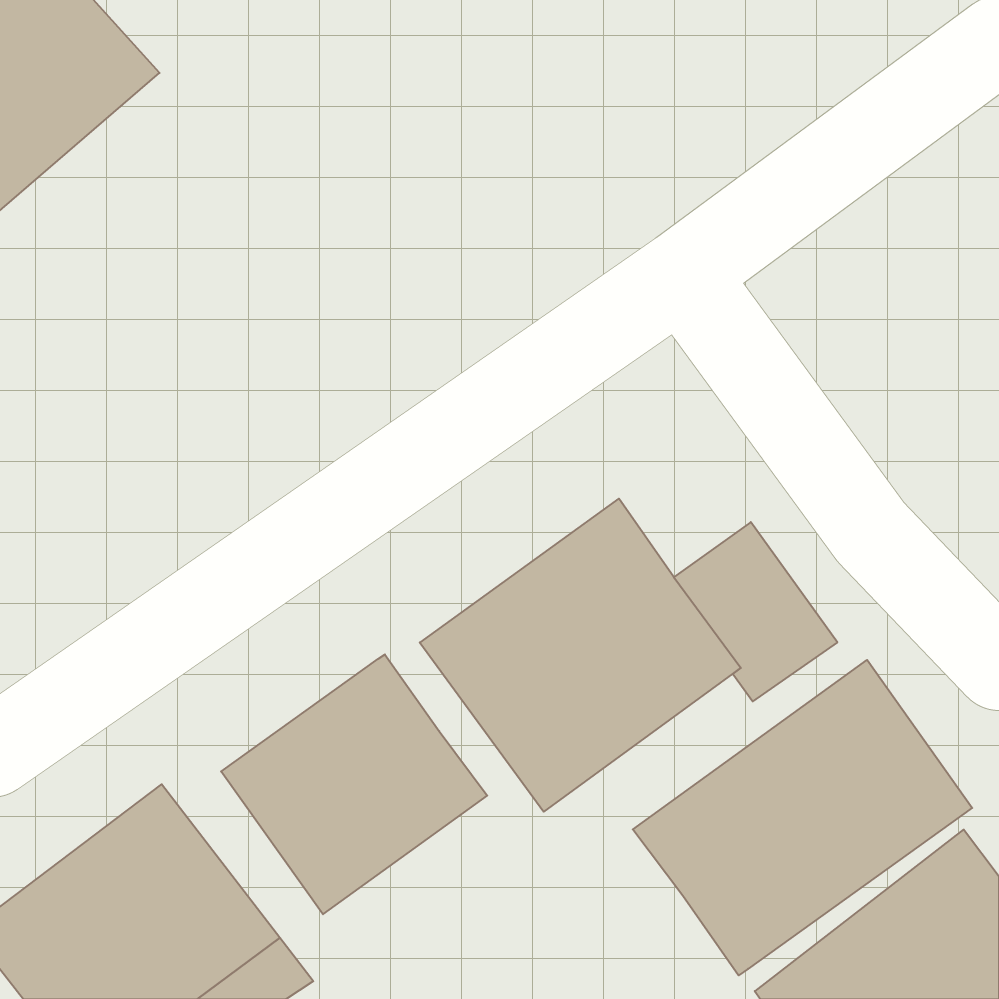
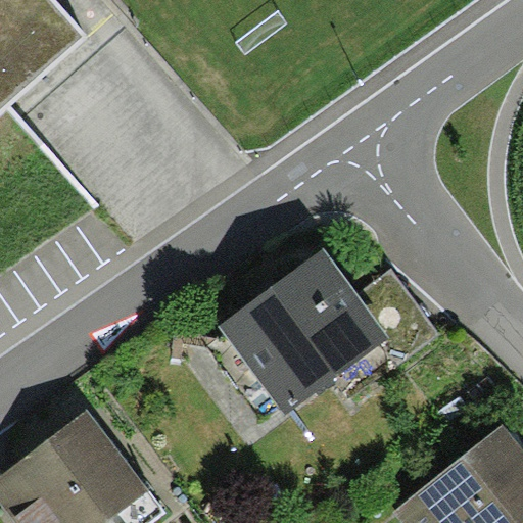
building: [221,654,487,914] -> none
building: [633,660,972,975] -> none

